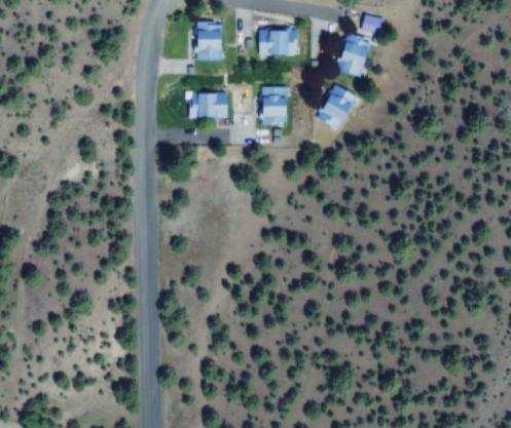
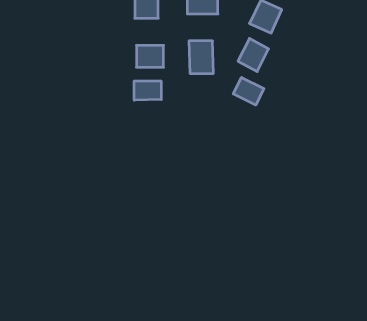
building: none -> [233,77,264,105]
building: none -> [134,81,161,100]

